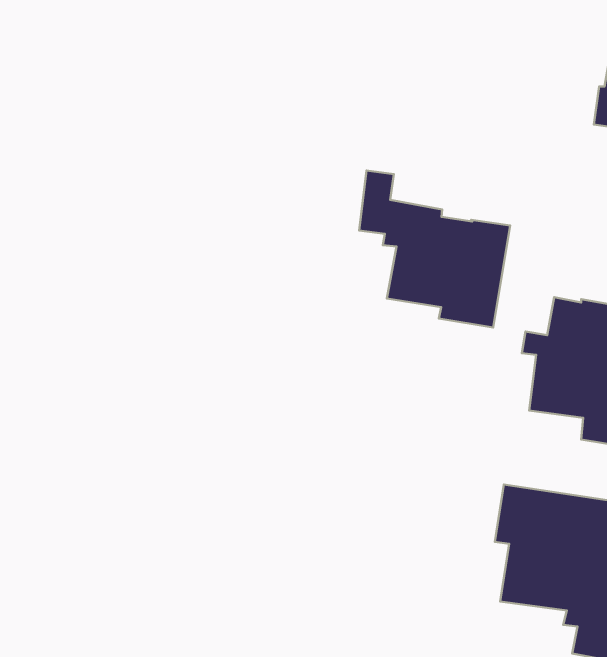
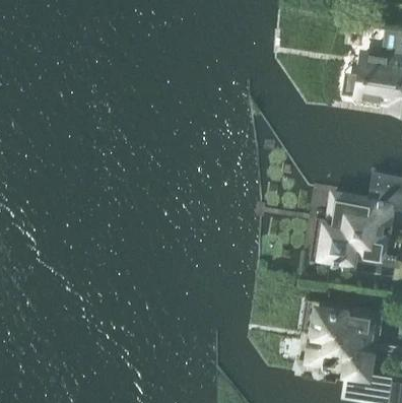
building: [359,170,510,327] -> none

